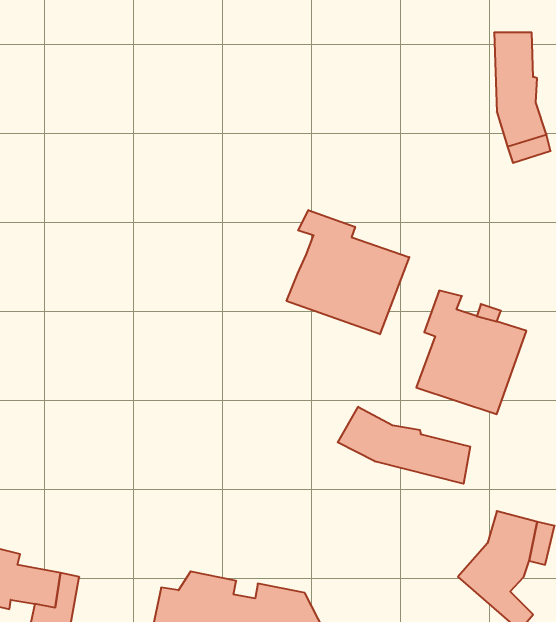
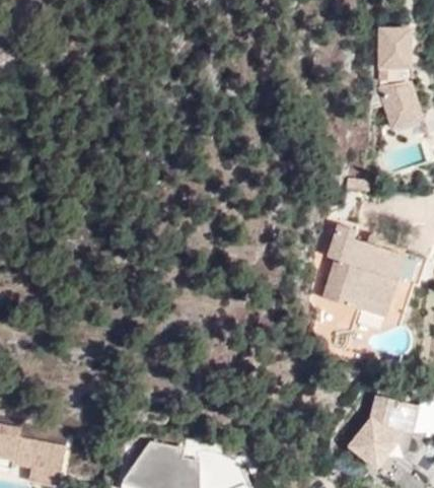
building: [287,210,409,334] -> none
building: [338,407,470,484] -> none

